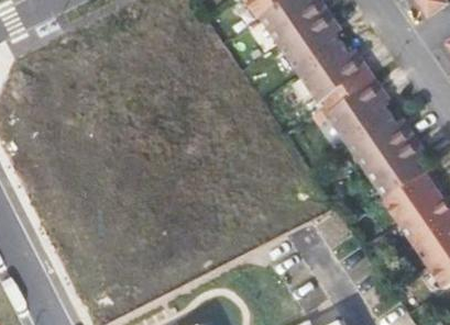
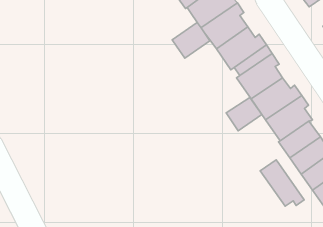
building: none -> [172,22,210,58]
building: none -> [226,97,262,131]
building: none -> [260,160,304,206]

